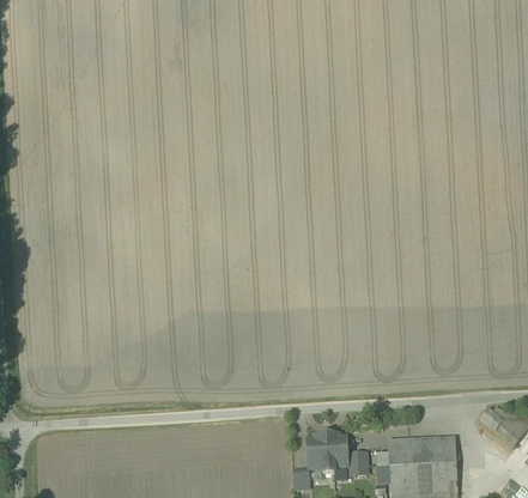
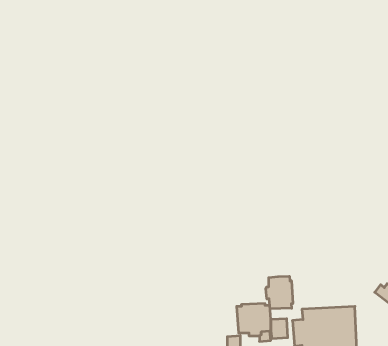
building: none -> [266,276,293,309]

